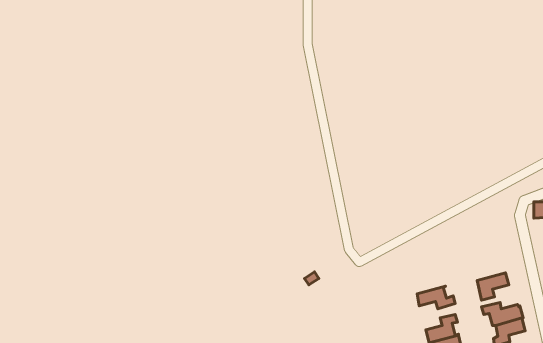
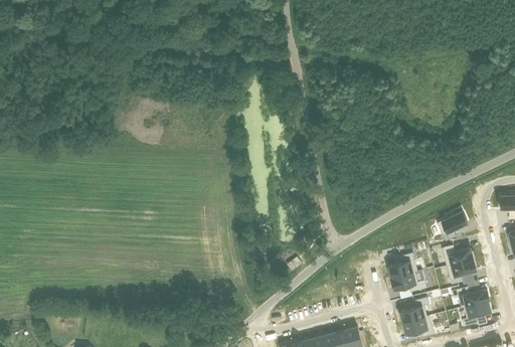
building: none -> [437,210,468,241]
building: none -> [442,245,473,267]
building: none -> [387,252,417,279]

